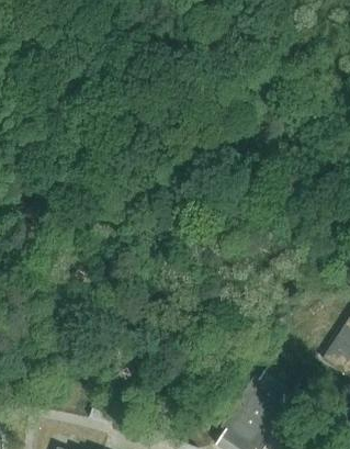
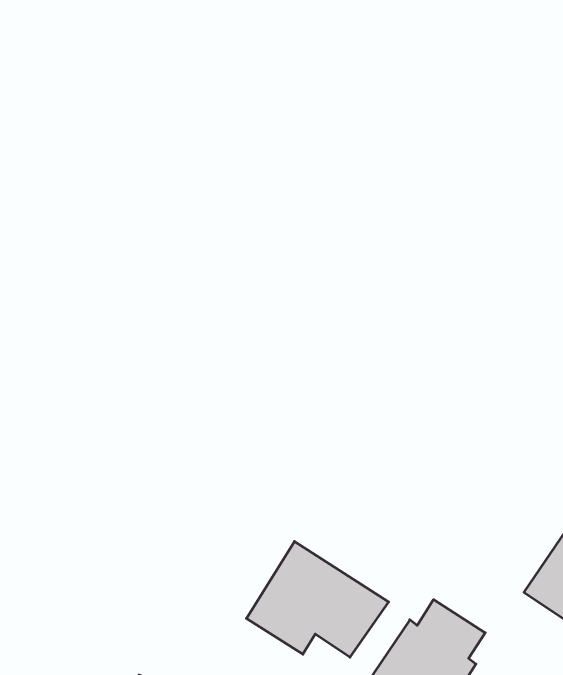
building: none -> [246,541,389,657]

